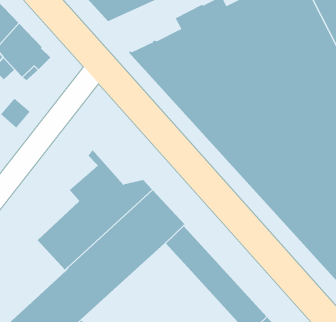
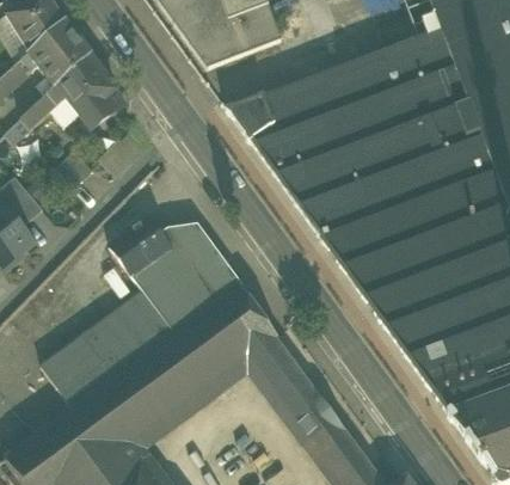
building: none -> [167,221,242,286]
building: none -> [109,216,171,275]
building: none -> [41,334,116,409]

